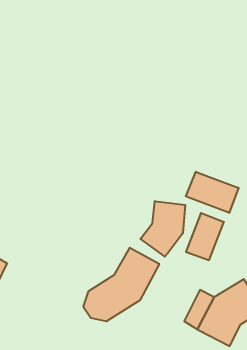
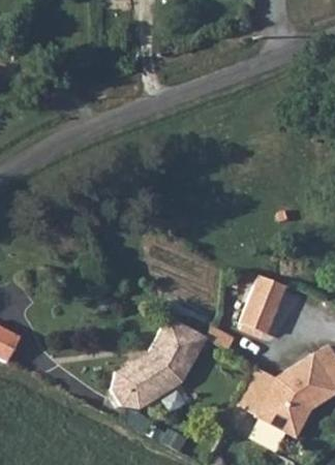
building: [186,172,239,213] -> none
building: [140,201,185,257] -> none

